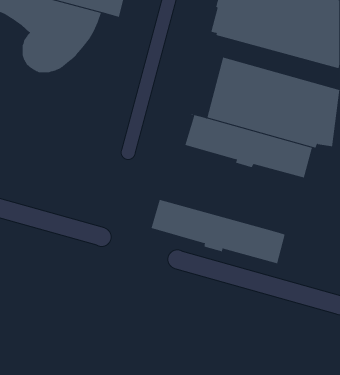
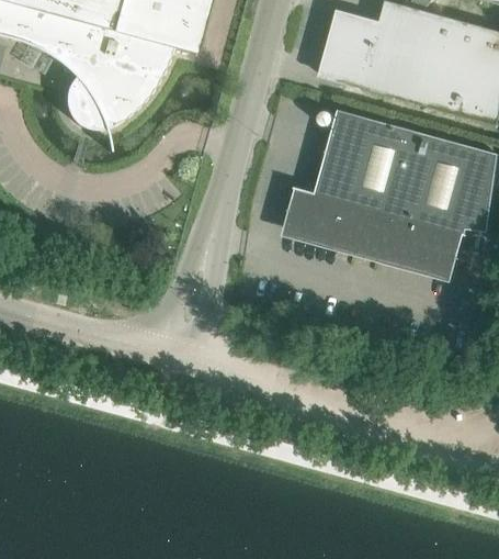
building: [151,198,288,264] -> none

